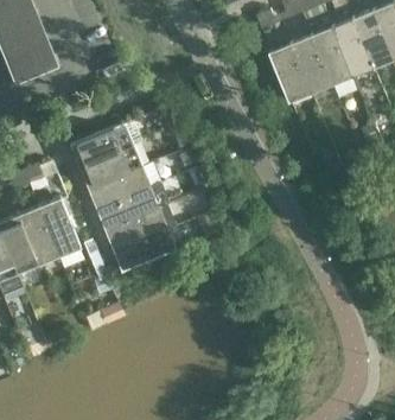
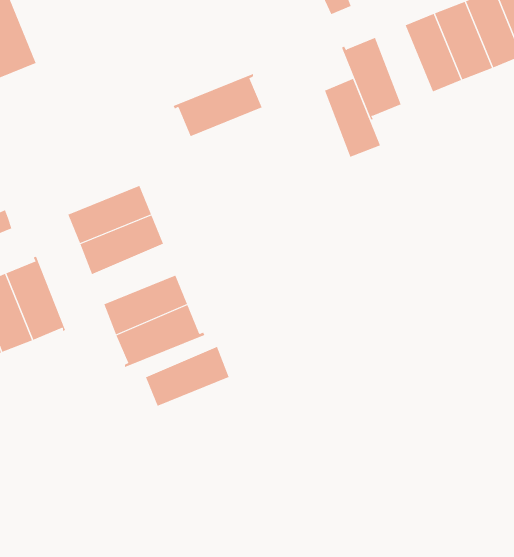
building: [292,37,331,91] -> [324,78,381,158]
building: [68,123,129,167] -> [173,73,262,137]
building: [96,187,154,229] -> [145,346,230,406]

